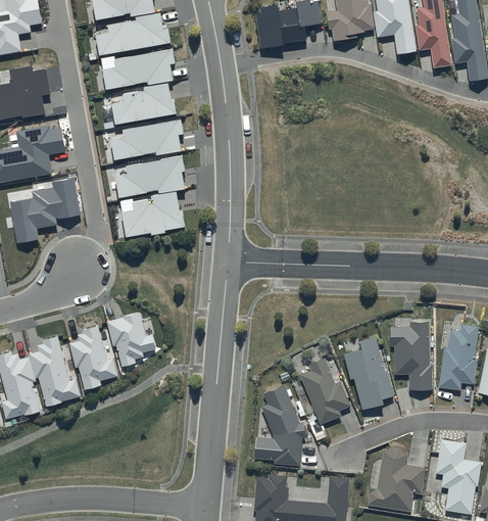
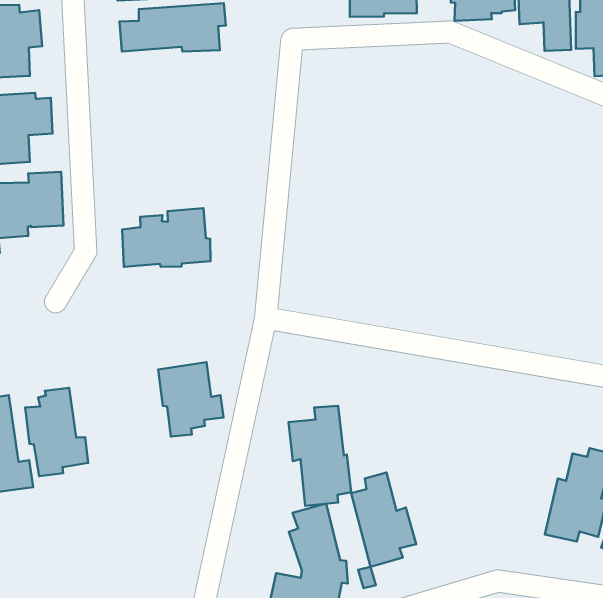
building: [111,83,177,125] -> none
building: [110,120,184,160] -> none
building: [115,155,185,198] -> none
building: [107,313,156,367] -> [158,362,224,436]
building: [390,321,432,389] -> none
building: [343,337,392,409] -> [289,406,351,506]

